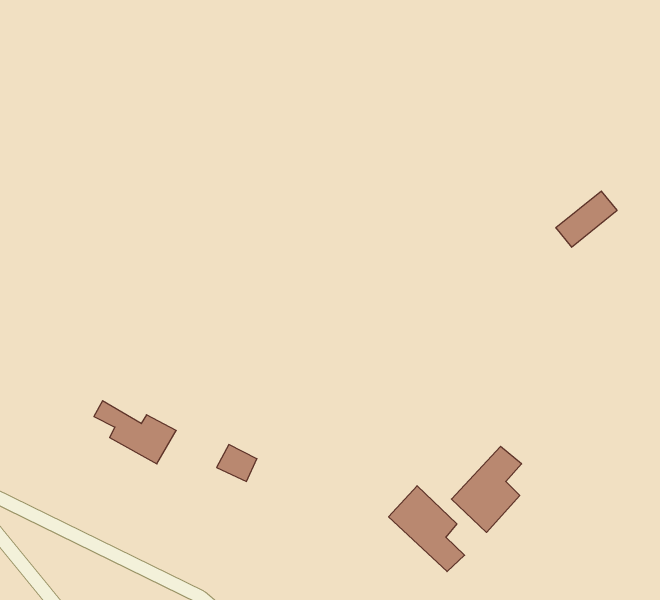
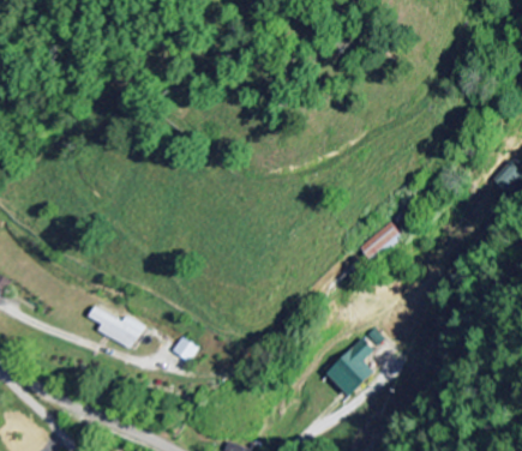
building: [556,191,617,247] -> [361,220,403,258]
building: [389,486,465,572] -> none

